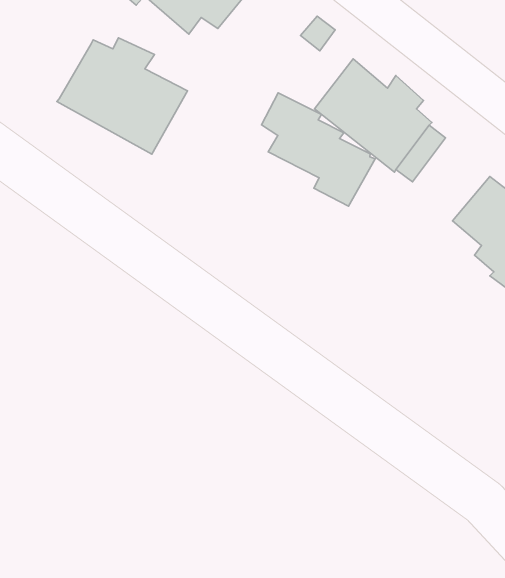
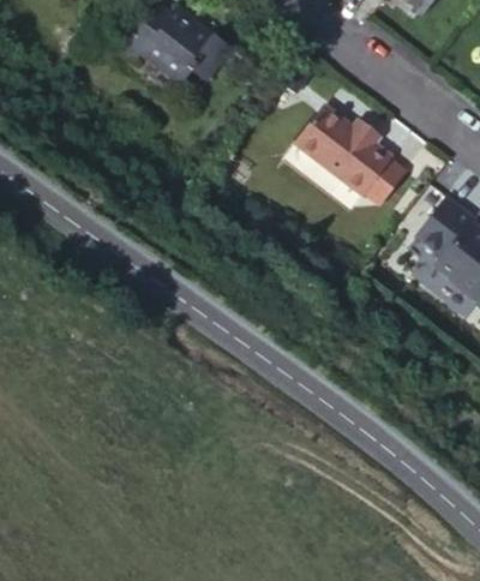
building: [57,38,187,154] -> none
building: [262,93,375,206] -> none

